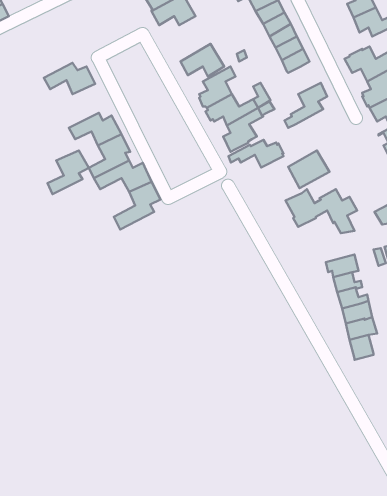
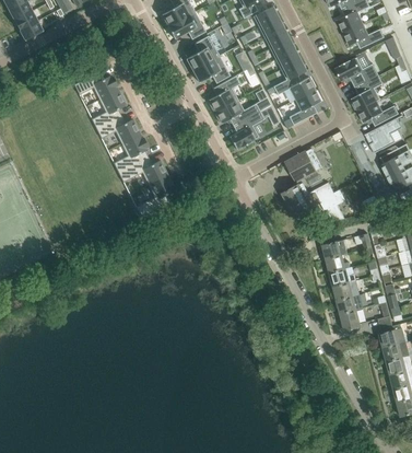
building: none -> [186,36,219,71]
building: [228,140,284,167] -> [267,75,315,100]
building: [48,150,89,194] -> [91,91,127,129]

